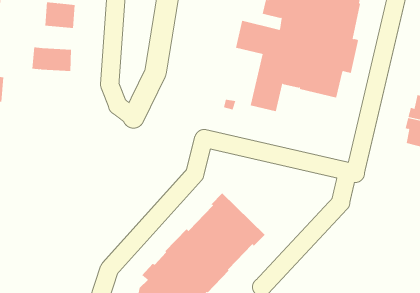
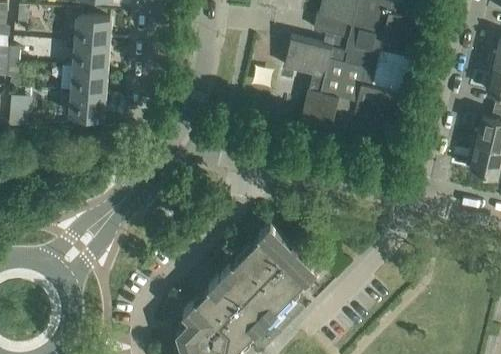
building: none -> [73,43,107,69]
building: none -> [70,91,104,119]

